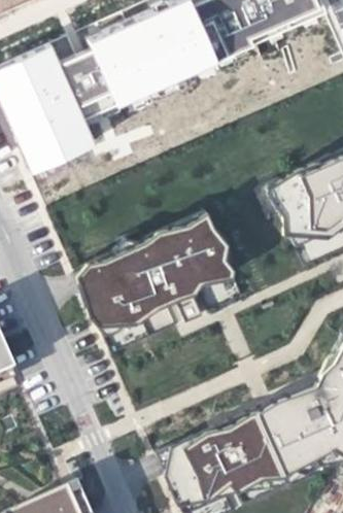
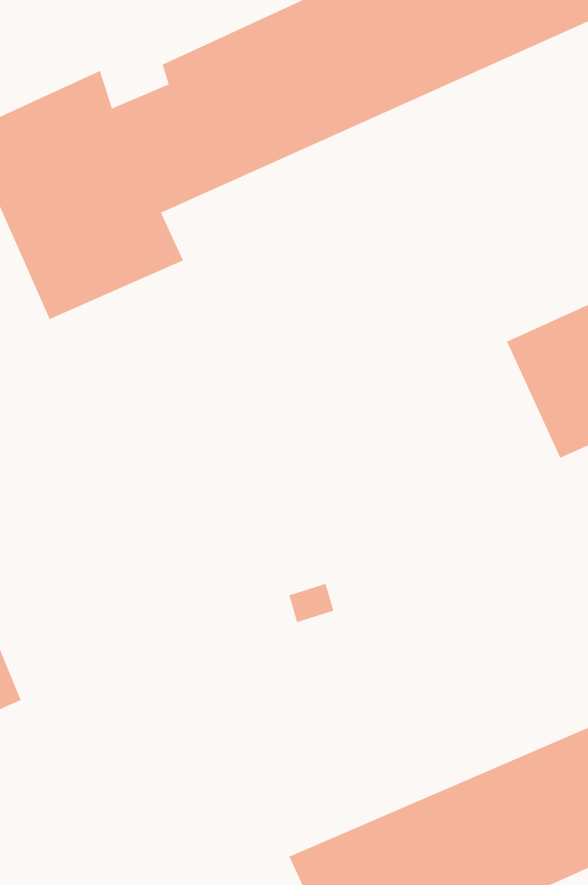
building: [74,211,236,333] -> none

